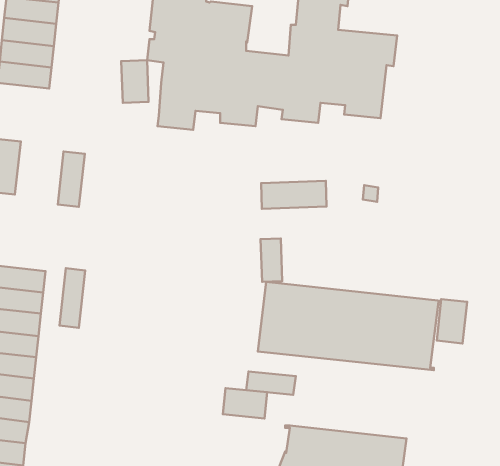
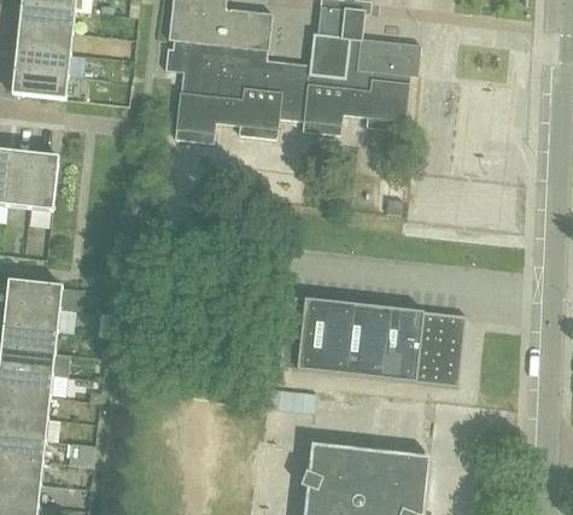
building: [121,60,149,103] -> none
building: [58,151,85,207] -> [30,153,58,210]
building: [261,181,326,209] -> none
building: [260,239,282,282] -> none
building: [59,268,85,328] -> none
building: [437,299,467,343] -> none
building: [223,388,267,418] -> none

